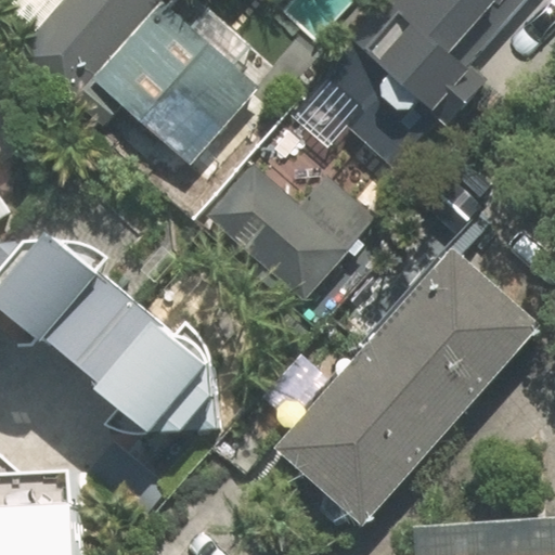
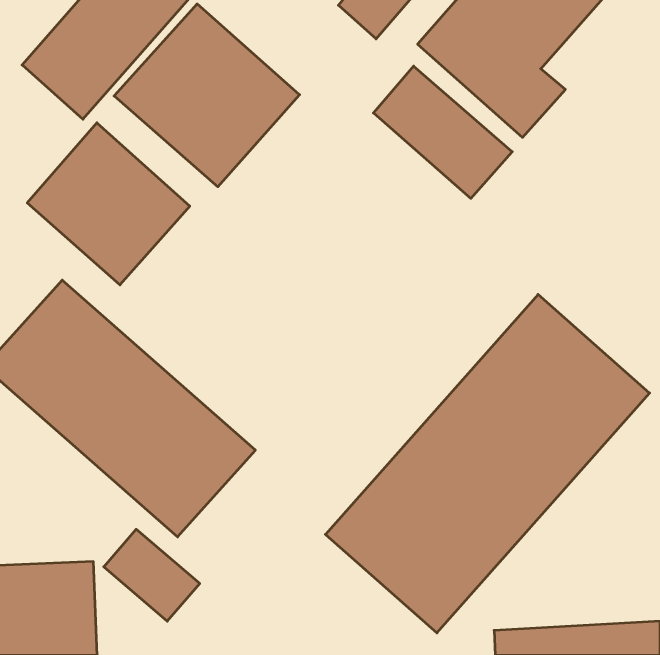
building: none -> [27,123,190,285]
building: [209,165,379,300] -> none

